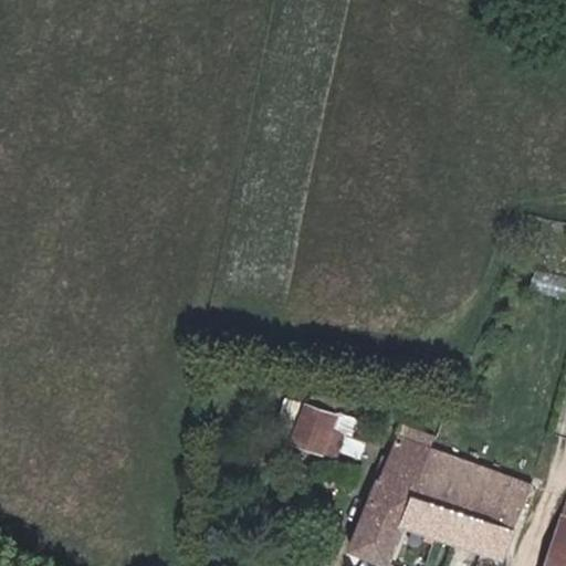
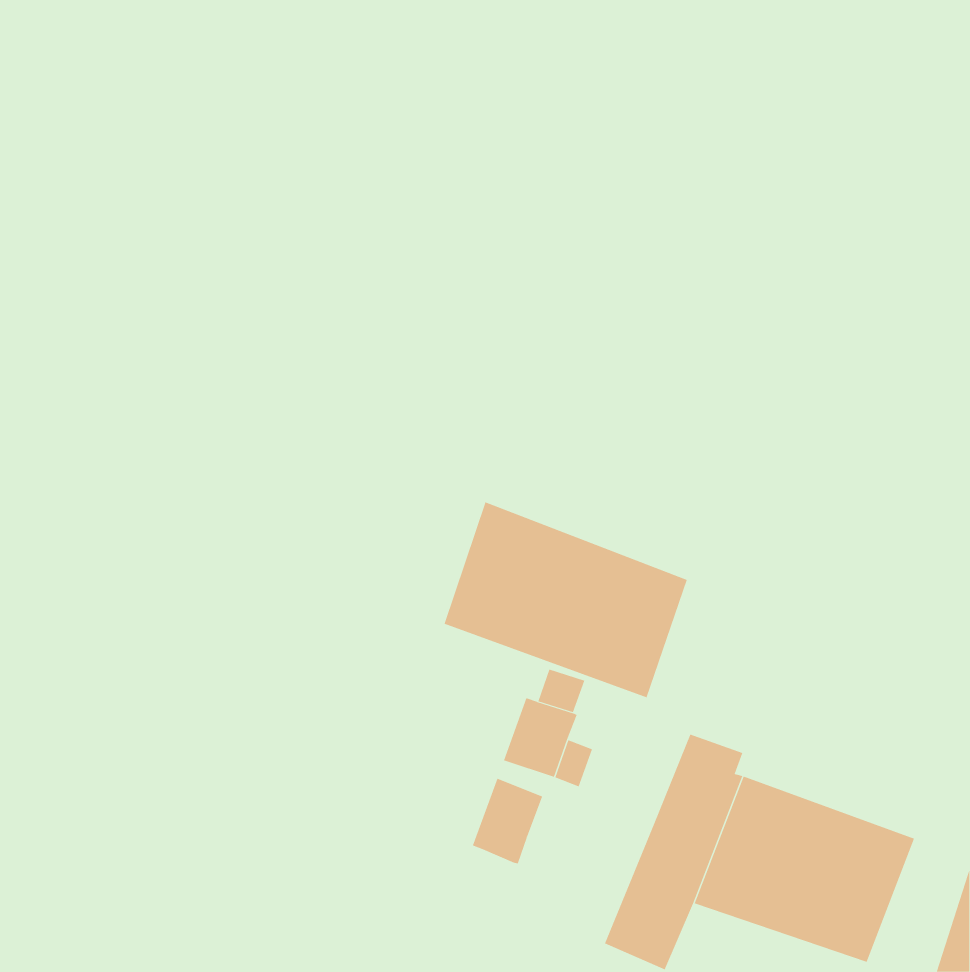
building: none -> [444,502,687,698]
building: none -> [472,778,543,864]

